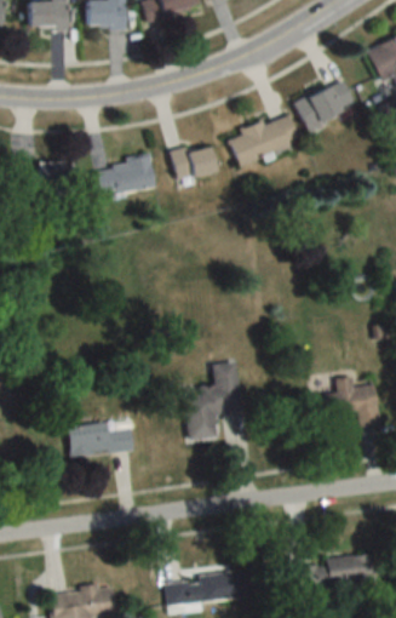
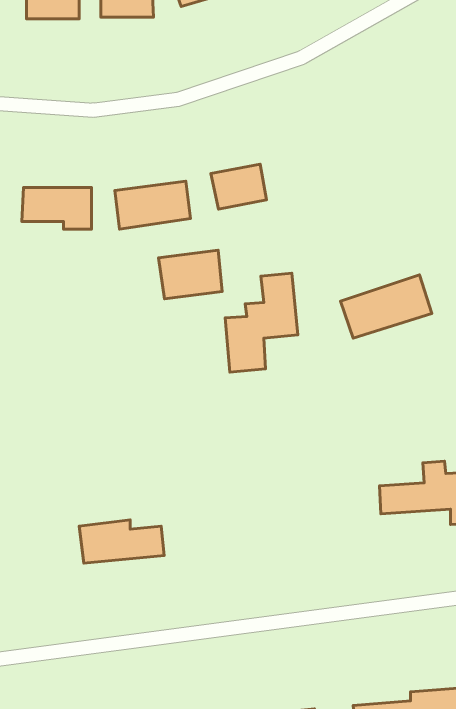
building: [293,79,356,130] -> none
building: [228,114,299,164] -> [341,275,432,338]
building: none -> [159,250,222,299]
building: [185,362,242,440] -> [225,273,298,372]

